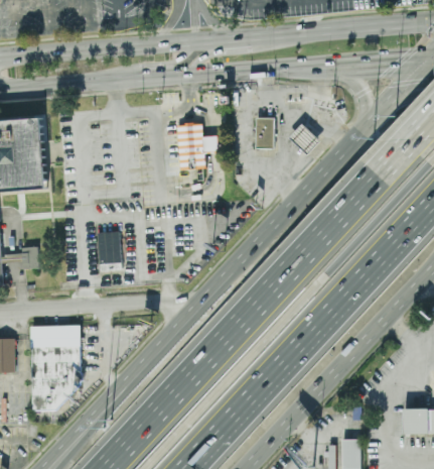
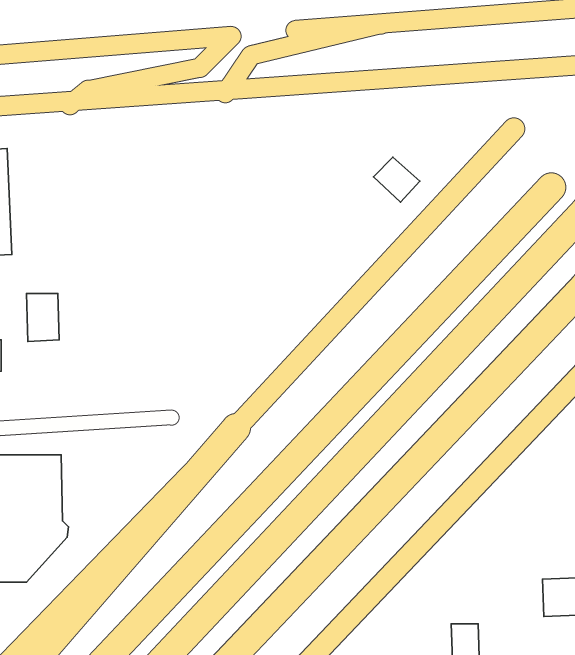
building: [255,118,274,148] -> none
building: [176,122,205,169] -> none
building: [99,232,121,264] -> [26,294,59,341]

